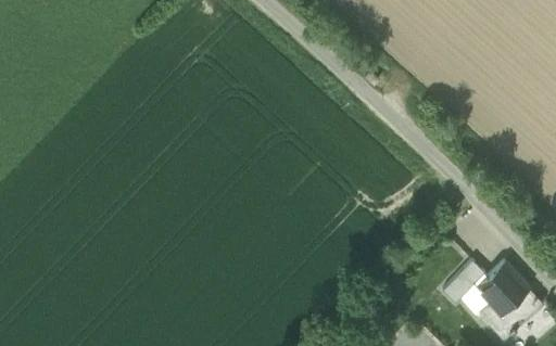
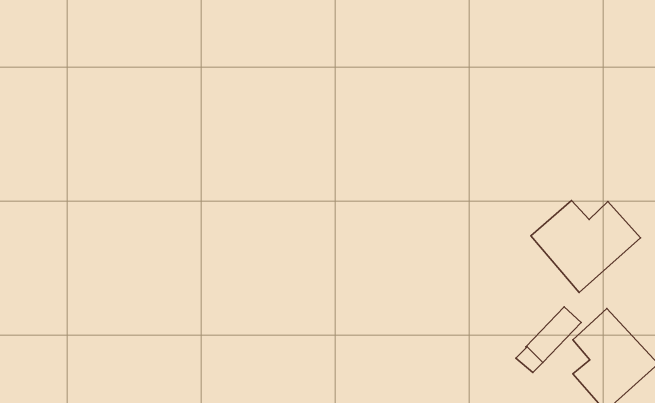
building: none -> [531,200,640,292]

